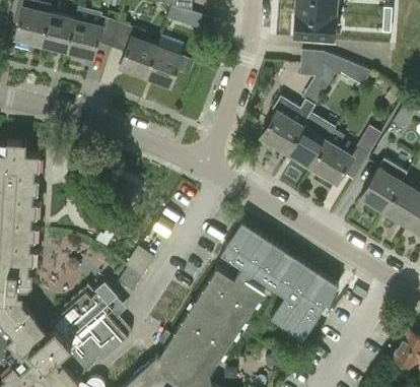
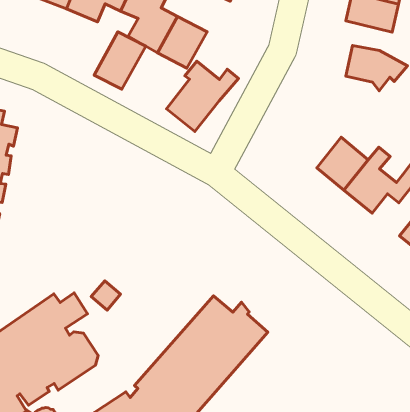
building: none -> [94,32,146,89]
building: [261,96,316,153] -> [166,61,239,131]
building: [220,219,342,342] -> none

